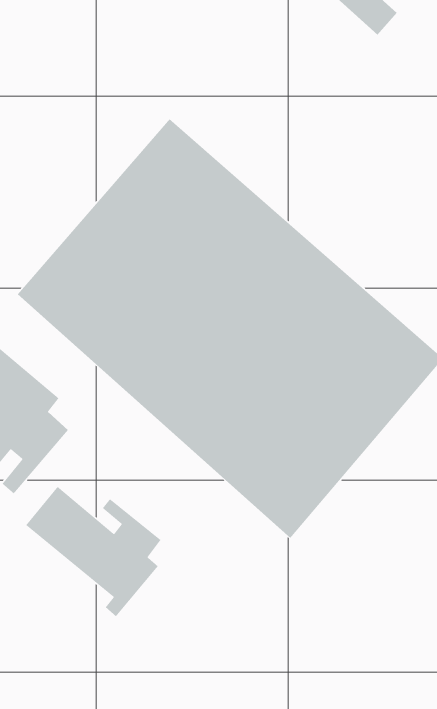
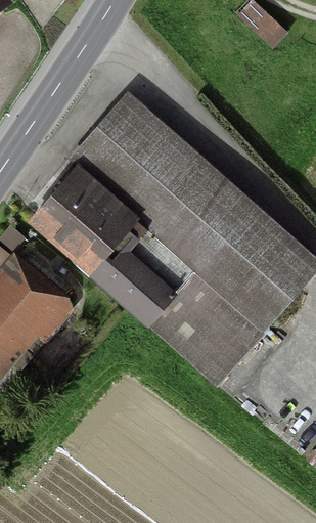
building: [25,486,162,617] -> none

